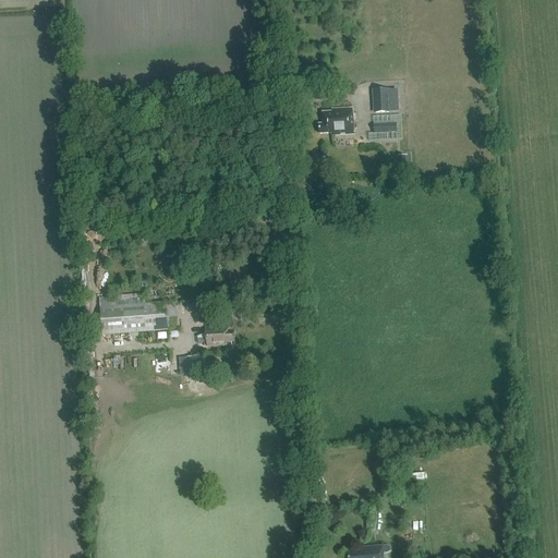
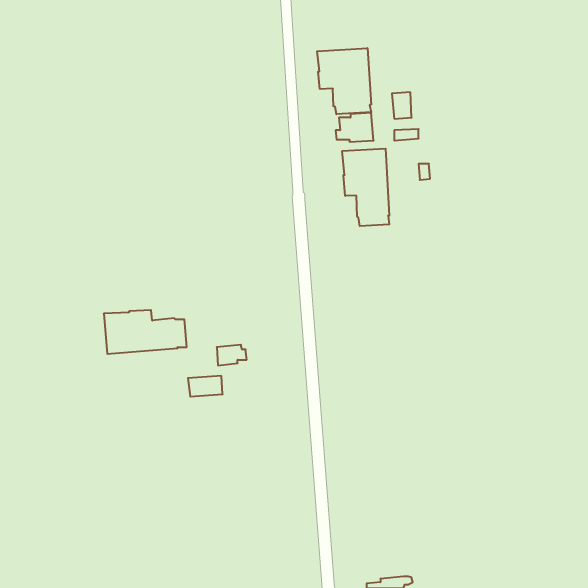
building: none -> [317,48,371,114]
building: none -> [342,149,389,226]

